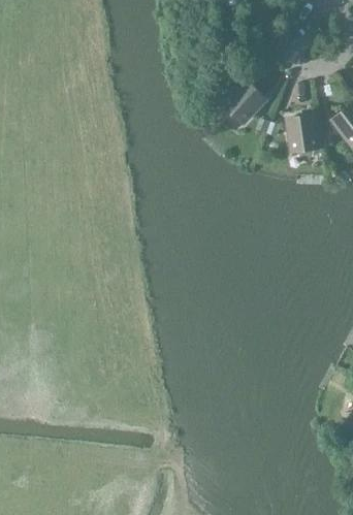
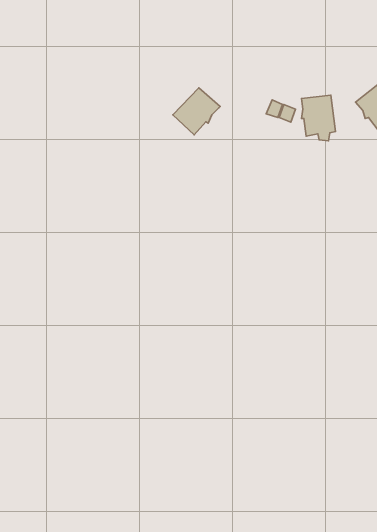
building: [223,84,264,125] -> [173,88,220,135]

